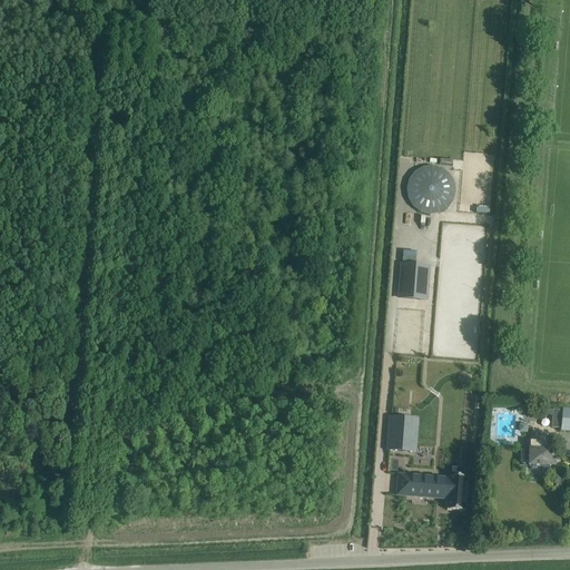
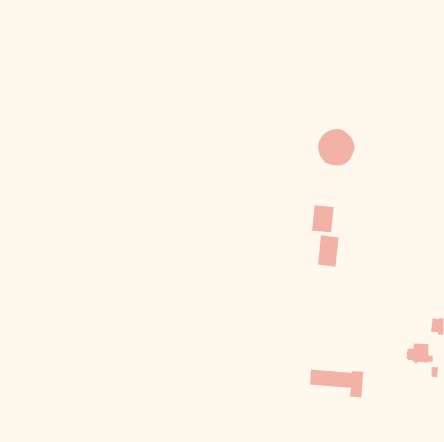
building: none -> [317,234,339,267]
building: [387,415,416,451] -> none

